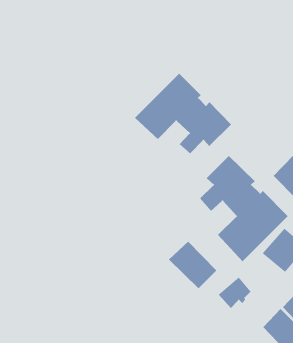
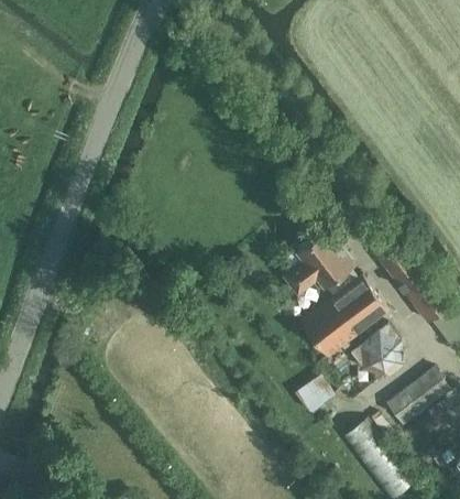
building: [134,73,232,154] -> none
building: [168,241,217,289] -> none

